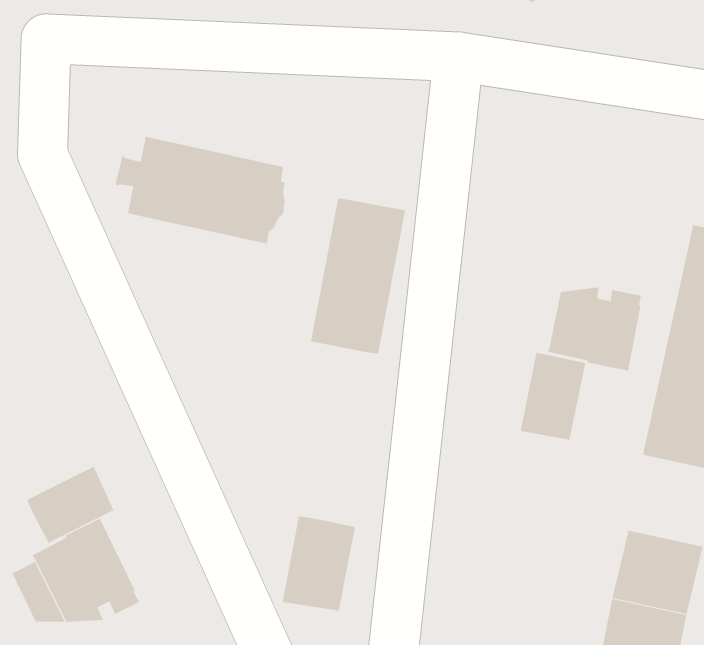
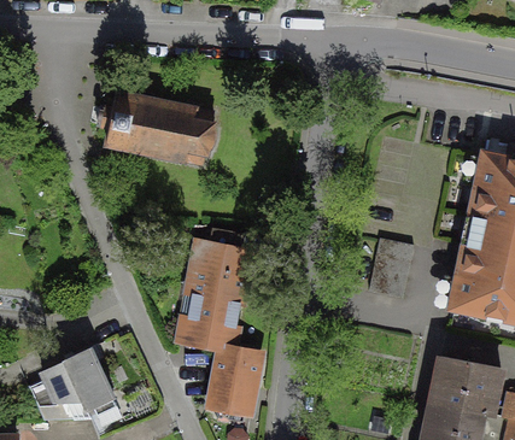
building: [310,197,406,354] -> [186,244,250,348]
building: [547,287,641,372] -> none
building: [26,466,114,544] -> none

